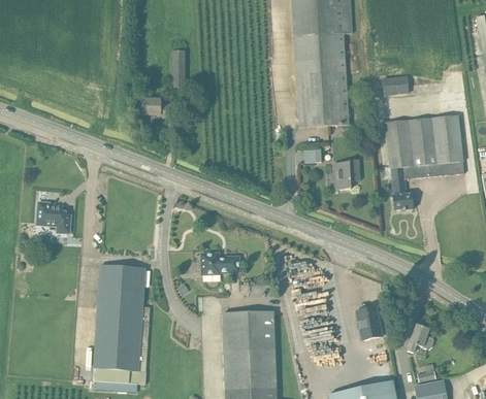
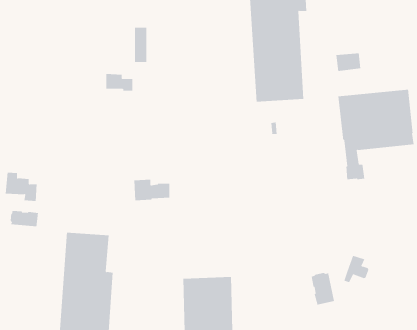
building: [334,159,360,189] -> none
building: none -> [10,210,38,227]
building: [201,252,239,274] -> [134,179,170,201]
building: [408,324,434,353] -> [344,255,369,283]

